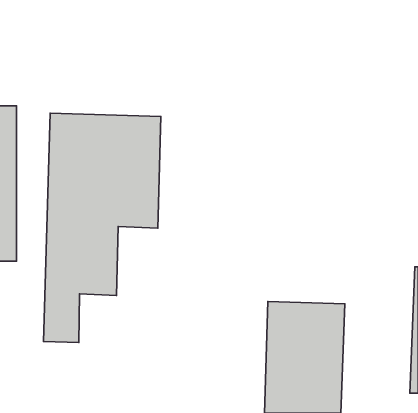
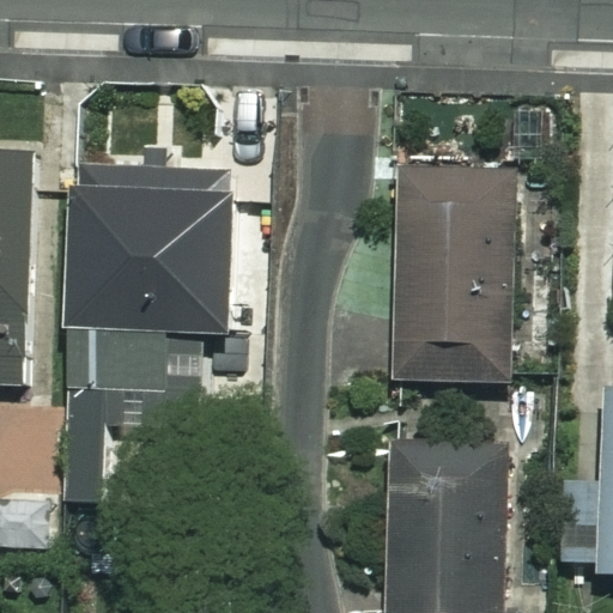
building: none -> [394,168,516,382]

